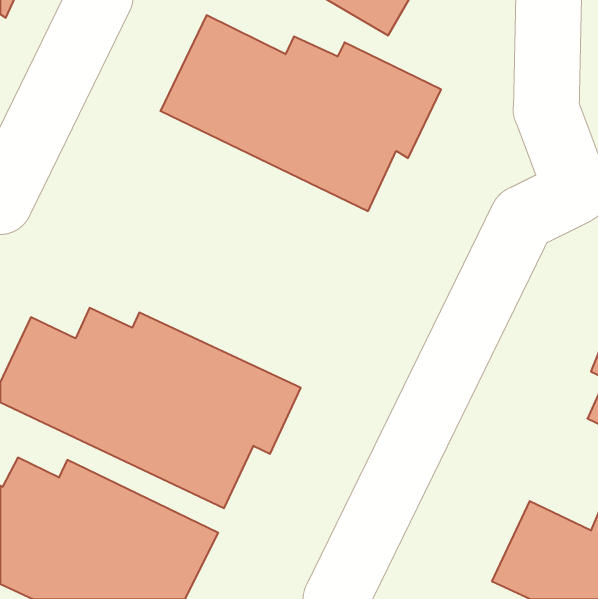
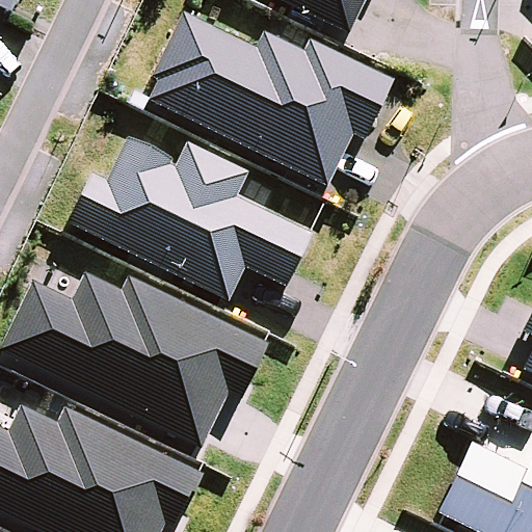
building: none -> [70,137,311,300]

